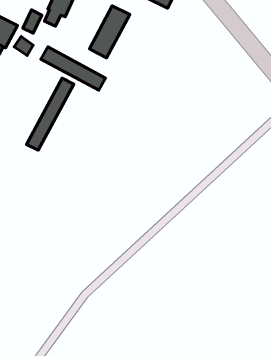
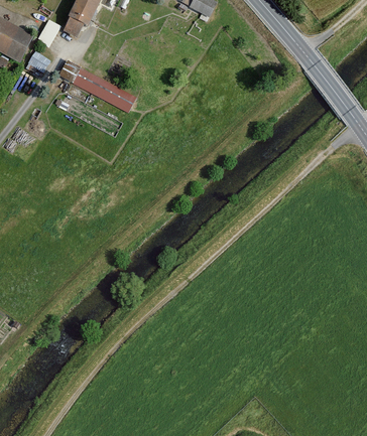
building: [90,6,130,58] -> none
building: [27,78,74,150] -> none

